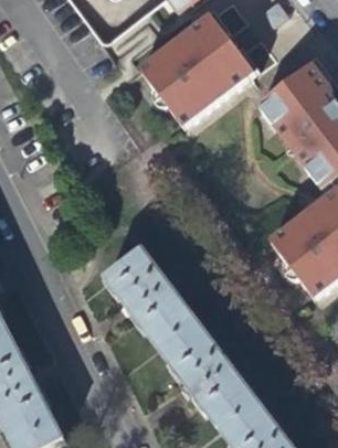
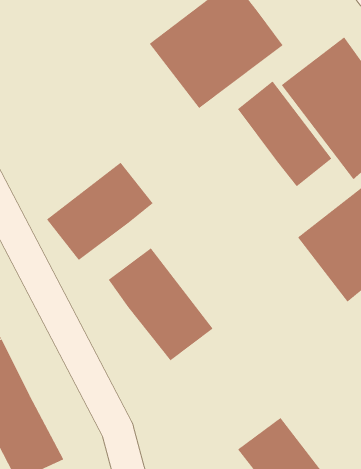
building: none -> [237,81,332,187]
building: none -> [46,162,153,261]
building: [157,319,255,426] -> none

